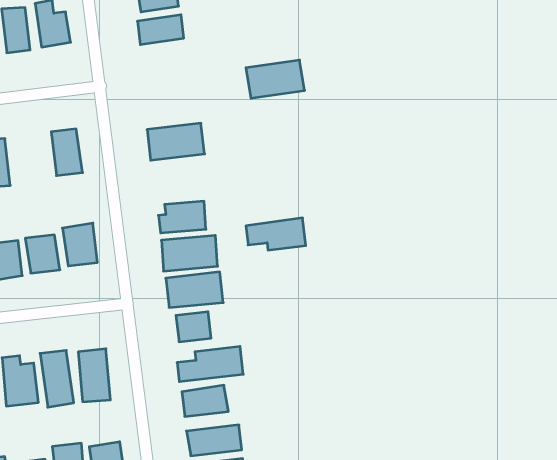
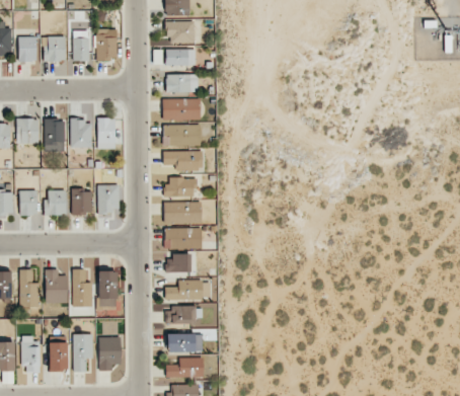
building: none -> [165,74,199,92]
building: [246,60,305,98] -> [162,98,201,121]
building: none -> [70,121,92,148]
building: [246,218,306,250] -> [163,151,203,170]

